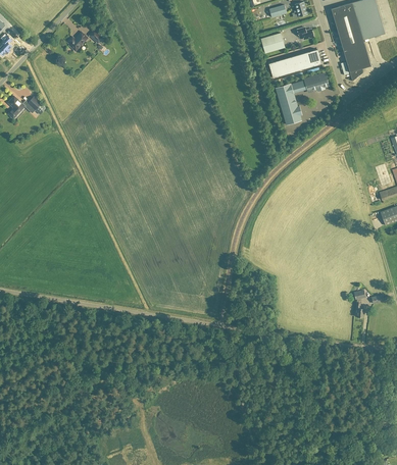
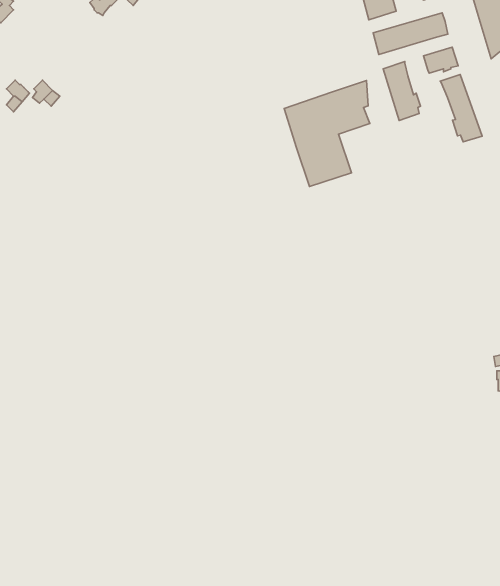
building: none -> [440,75,482,142]
building: none -> [284,80,370,186]

